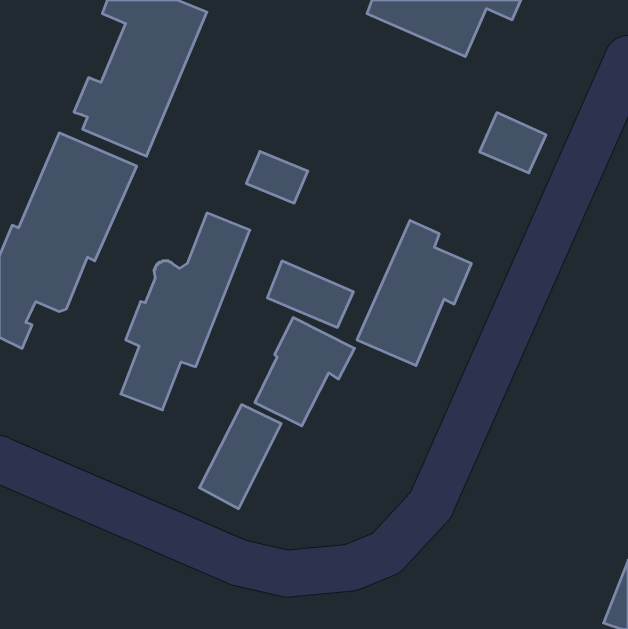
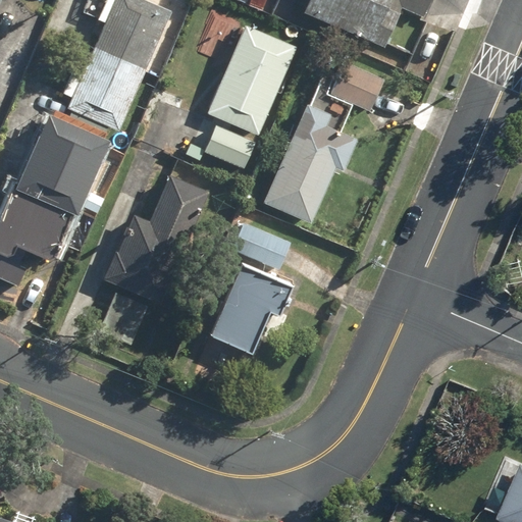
building: none -> [208,24,296,134]
building: [480,113,546,173] -> [329,61,384,111]
building: [357,220,471,366] -> [263,102,358,222]
building: [199,405,281,509] -> none

